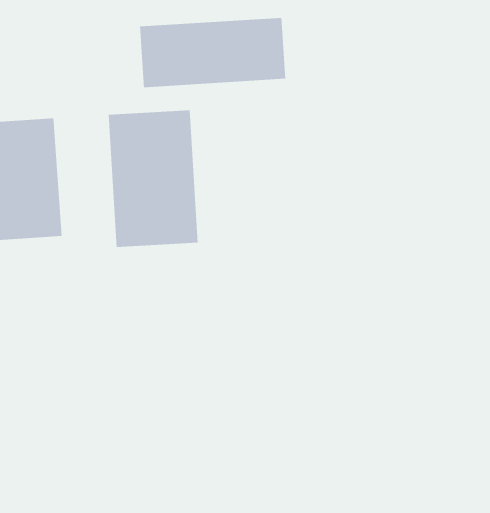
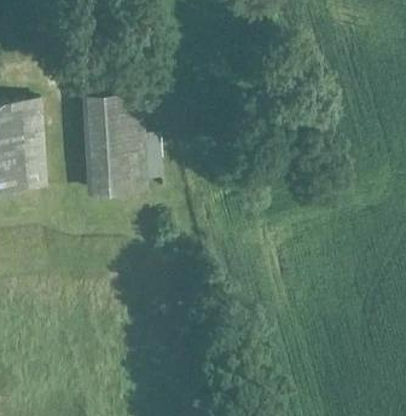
building: [139,17,286,88] -> none

